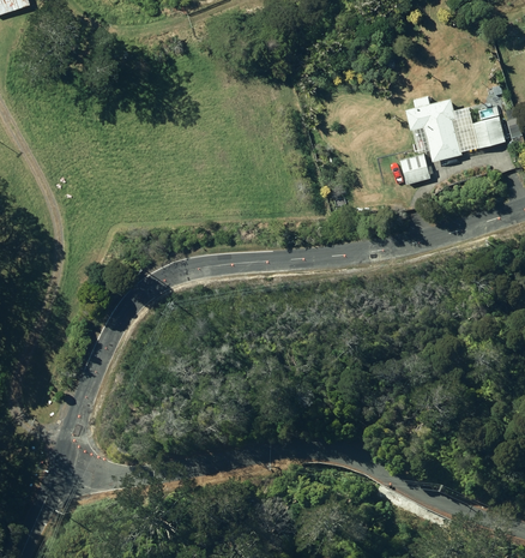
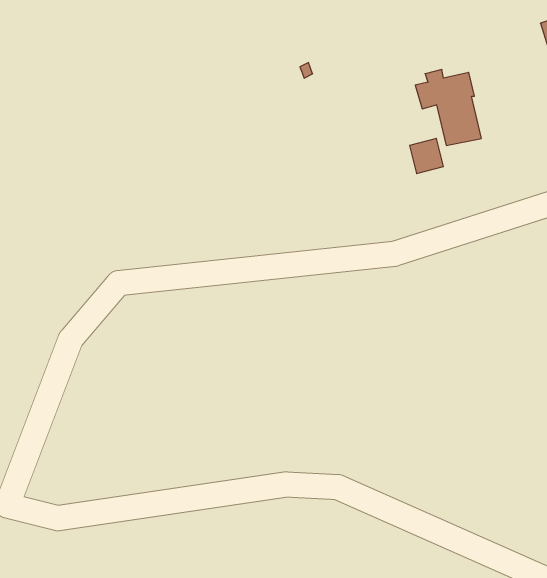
building: [470,115,503,148] -> none

